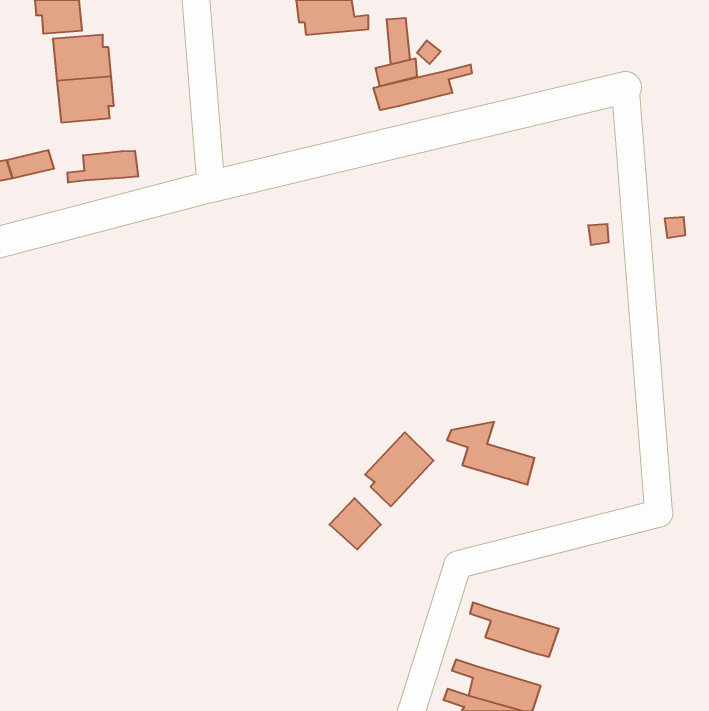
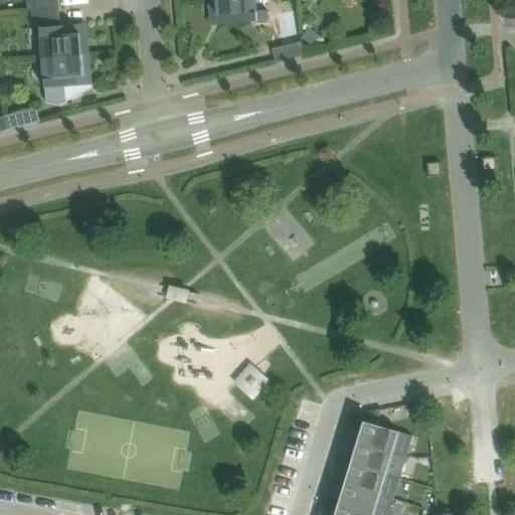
building: [374,64,472,110] -> none
building: [68,151,138,183] -> none
building: [447,422,535,485] -> [346,409,409,455]
building: [365,432,434,506] -> none
building: none -> [334,457,397,496]

